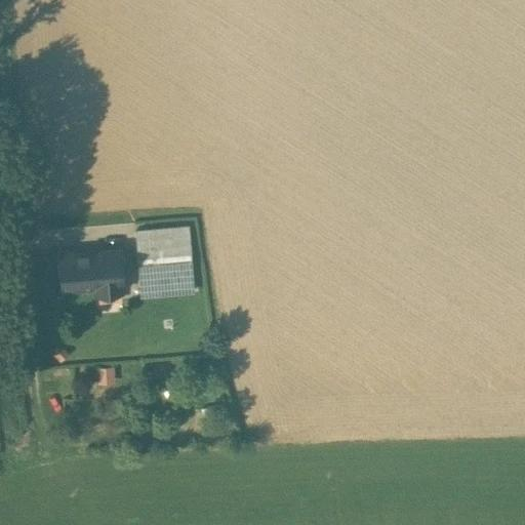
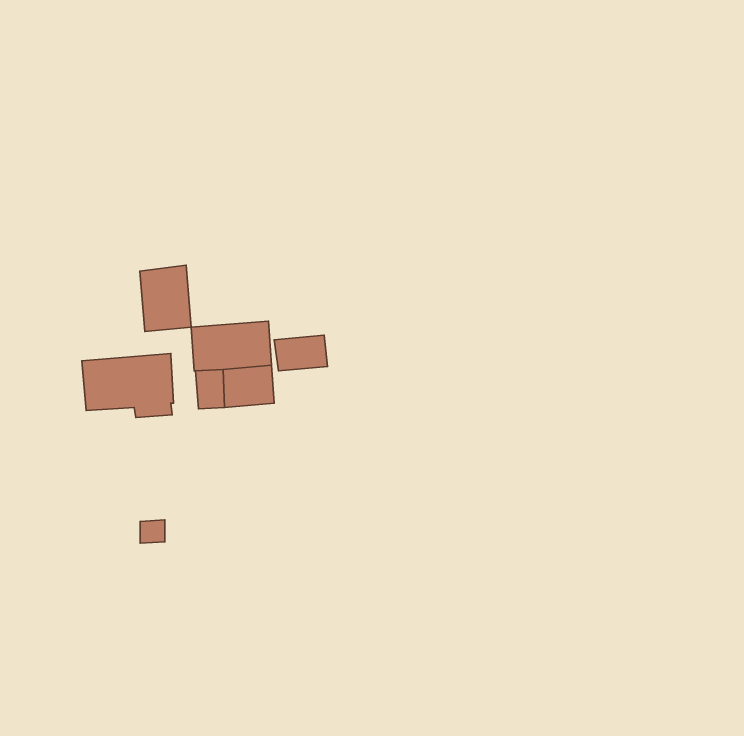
building: none -> [140,265,191,331]
building: none -> [274,335,327,371]

